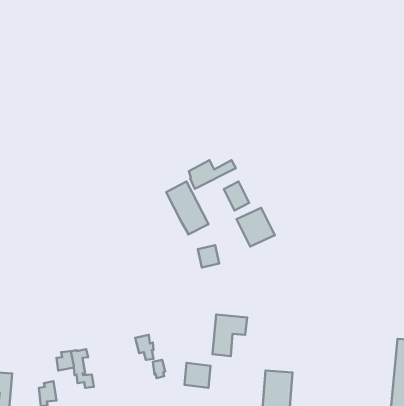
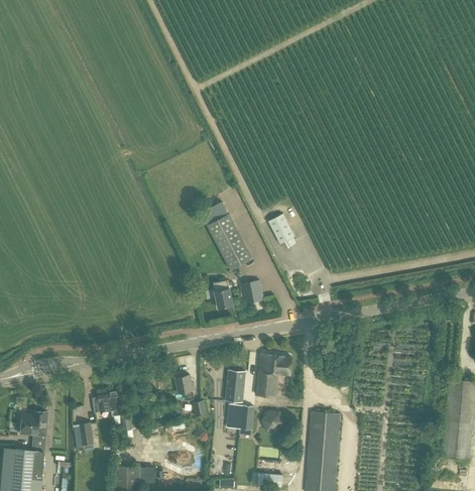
building: [189,160,236,189] -> none
building: [236,208,275,246] -> none
building: none -> [212,280,232,309]
building: none -> [224,369,244,402]
building: none -> [262,410,284,431]

